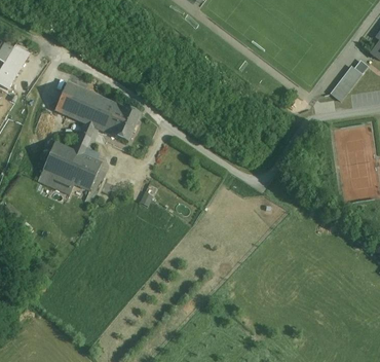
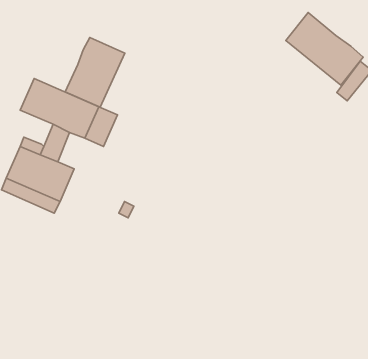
building: none -> [286,13,363,85]
building: none -> [65,38,125,107]

